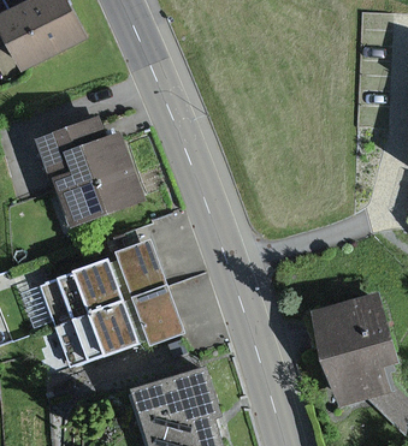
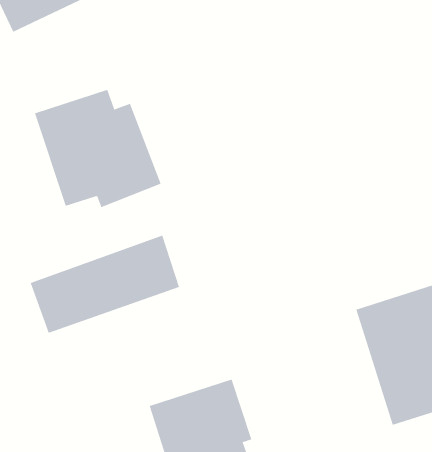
building: [48,289,176,371] -> none

